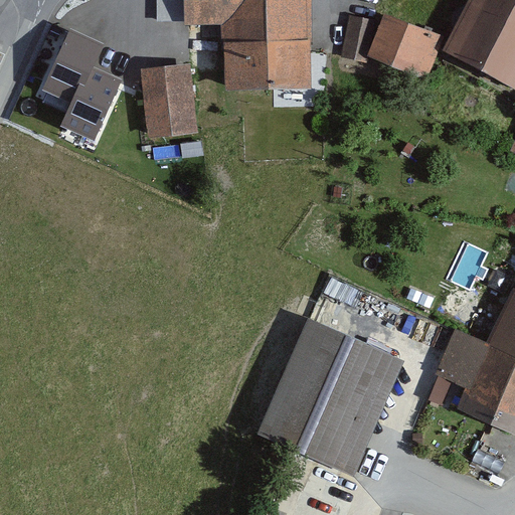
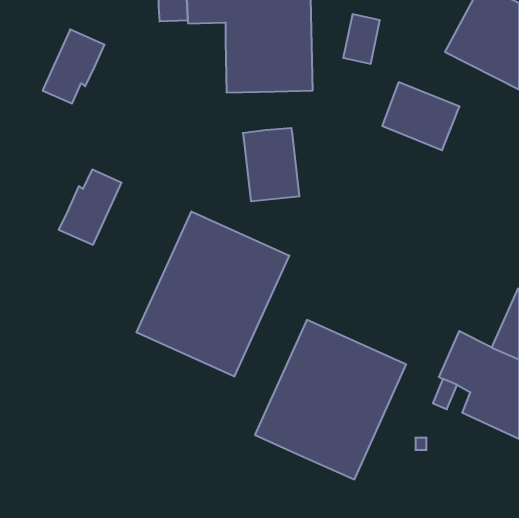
building: [367,12,444,79] -> [382,82,460,150]
building: [142,64,198,137] -> [243,128,300,201]
building: [60,66,123,141] -> [59,170,122,245]
building: none -> [137,211,289,377]

